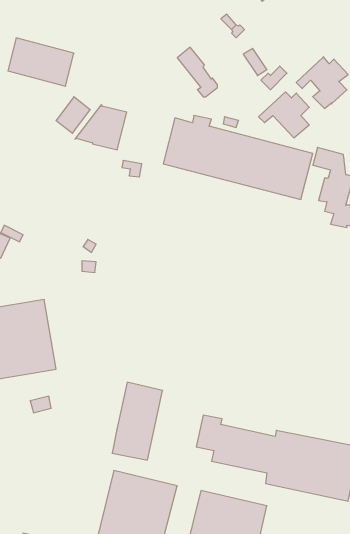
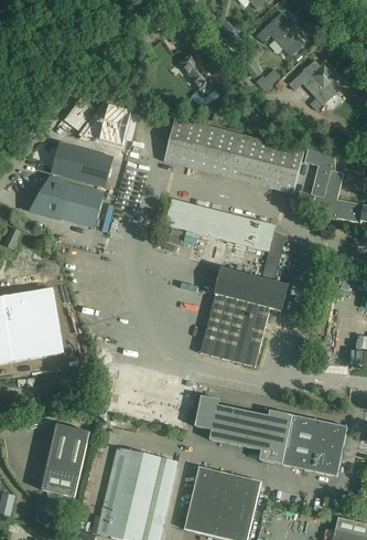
building: [8,38,74,86] -> [51,141,112,187]
building: [259,92,309,138] -> [257,12,304,55]
building: none -> [34,177,104,229]
building: none -> [165,198,289,367]
building: [112,382,163,460] -> [42,423,89,496]

